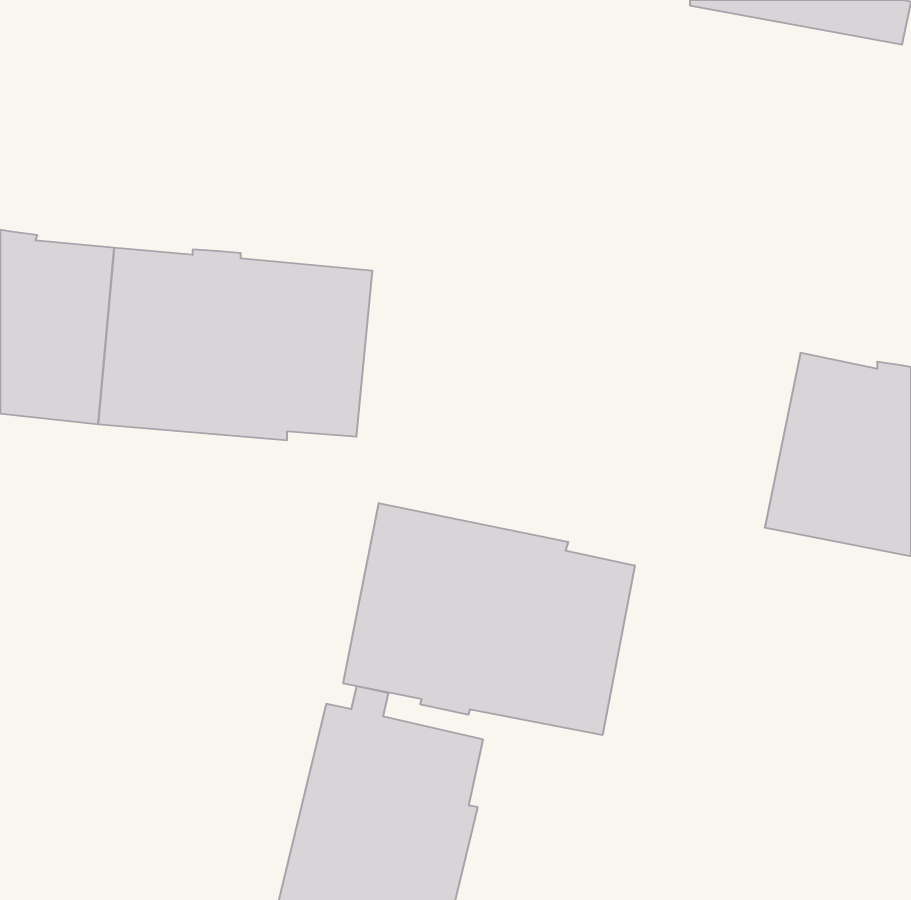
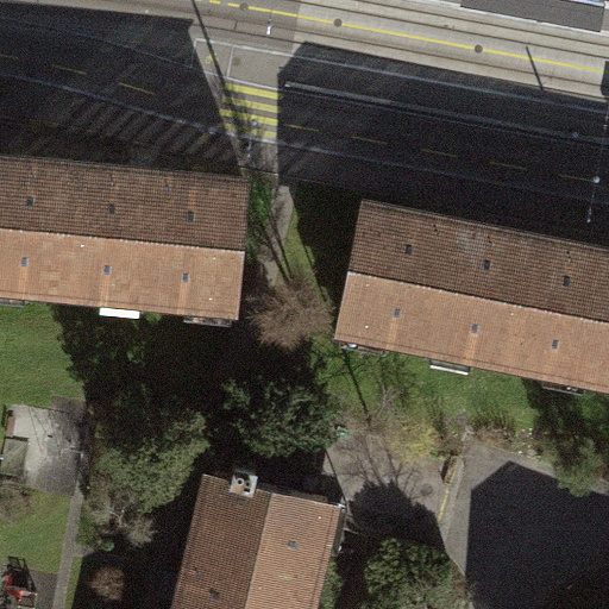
building: none -> [343,209,534,359]
building: [343,503,635,735] -> none

